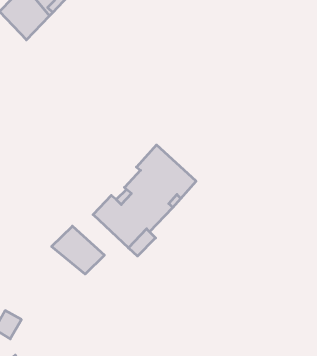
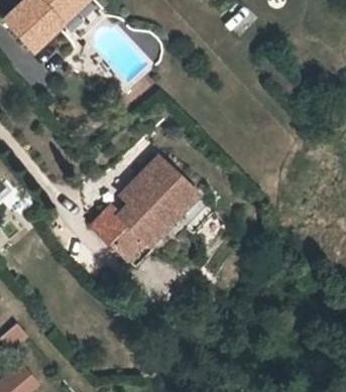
building: [52,226,104,274] -> none

